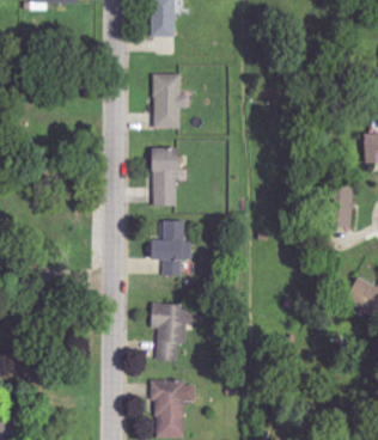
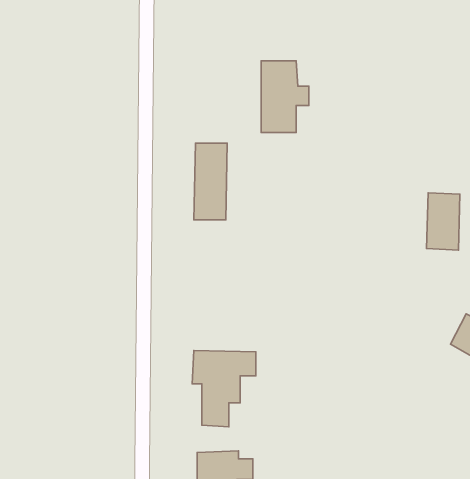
building: [153,74,189,128] -> [261,61,309,132]
building: [150,221,193,276] -> none

